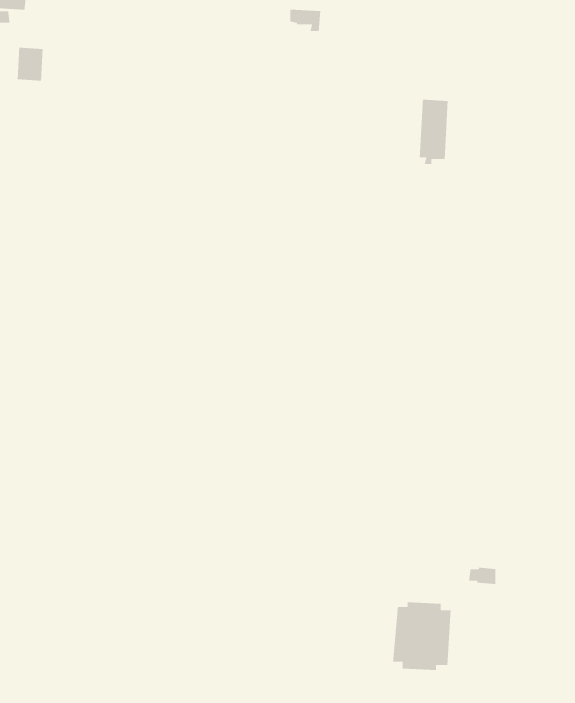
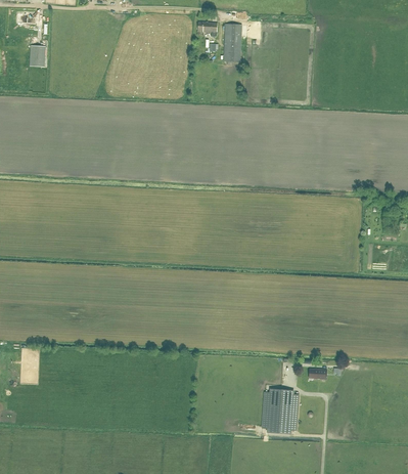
building: [419,99,449,165] -> [223,24,241,64]

